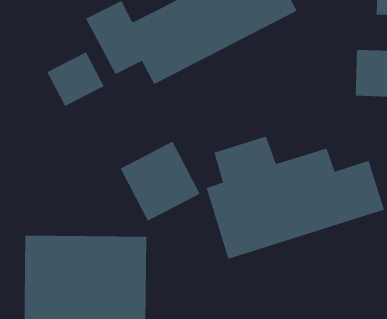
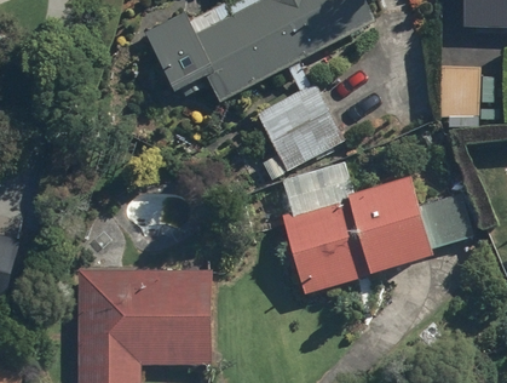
building: [46,51,105,107] -> none
building: [120,141,201,222] -> [255,81,344,170]

